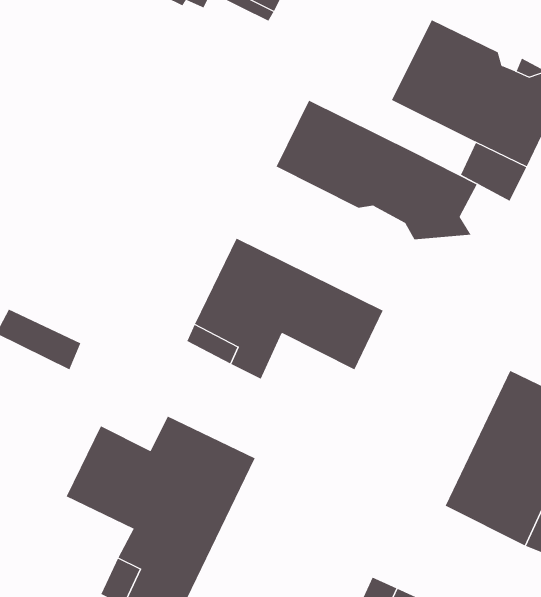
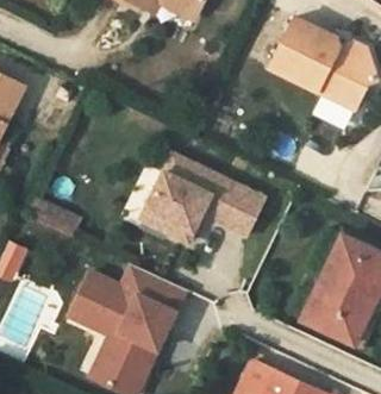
building: [276,100,478,240] -> none

